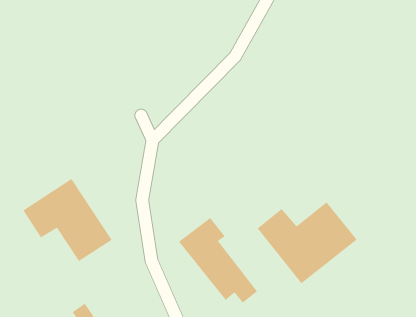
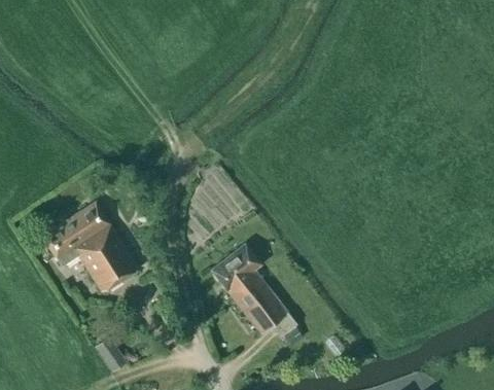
building: [257,202,358,284] -> none

